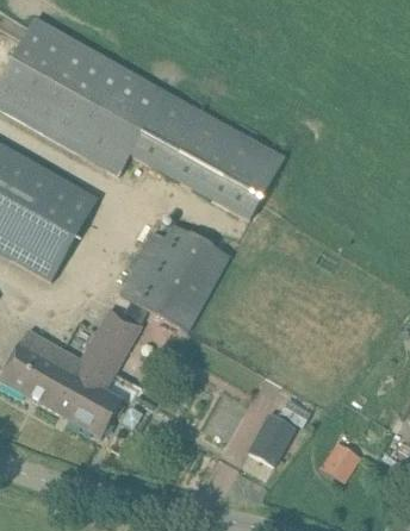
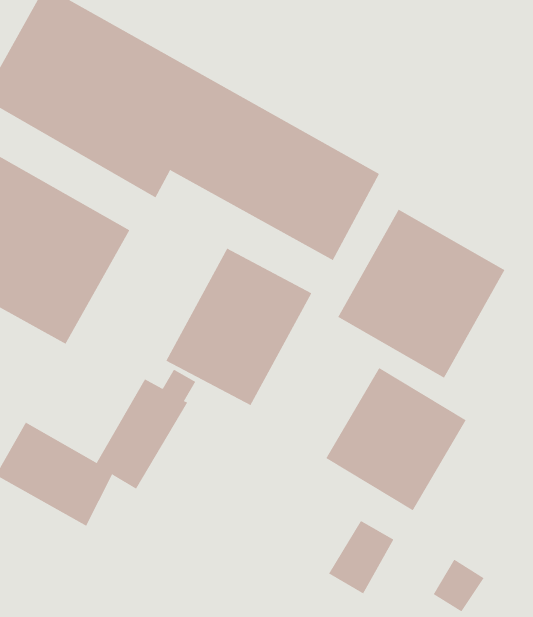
building: none -> [338,209,505,378]
building: none -> [325,367,467,511]
building: [66,379,122,436] -> none

